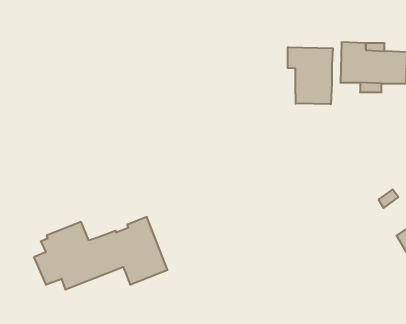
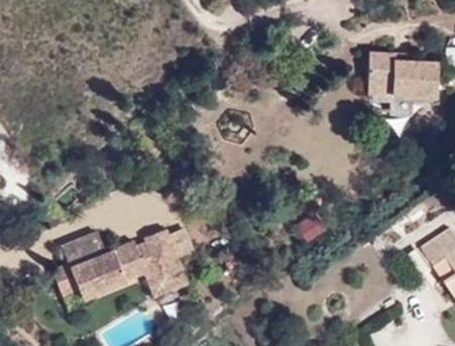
building: [288,47,333,104] -> none

